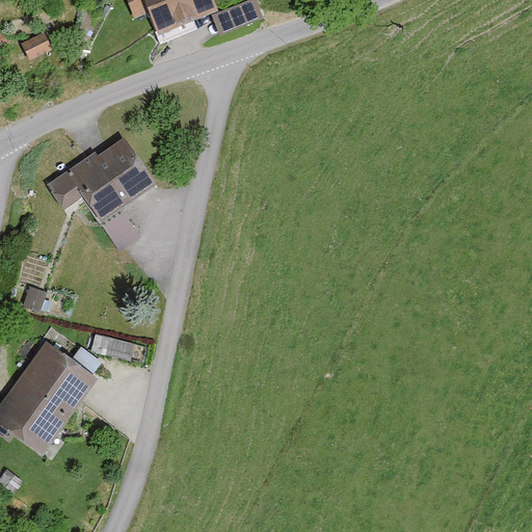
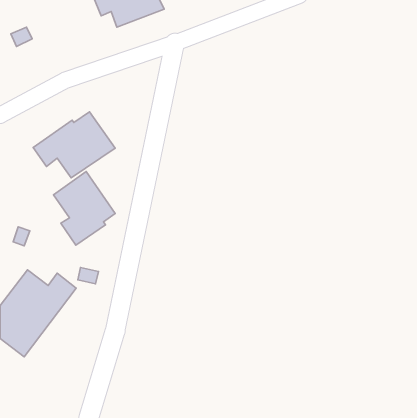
building: none -> [54,171,115,245]

